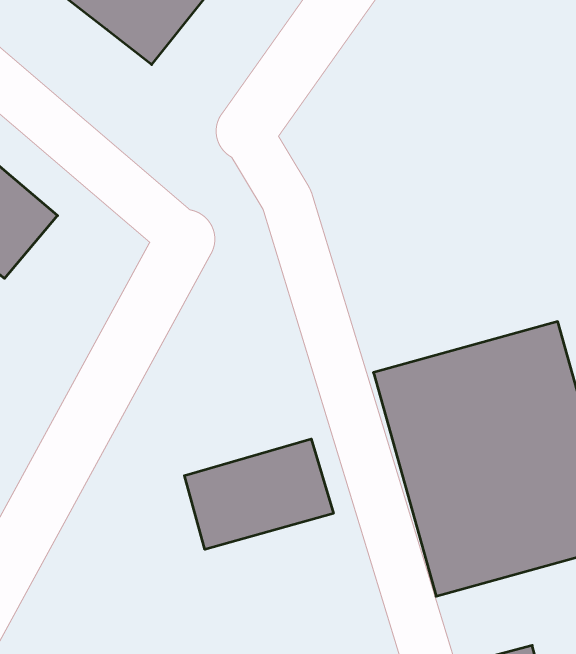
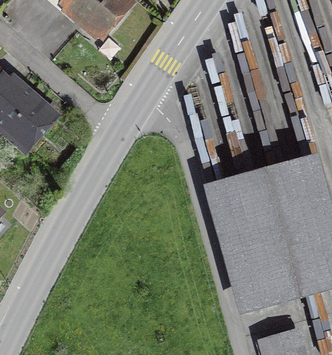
building: [184,439,333,549] -> none

